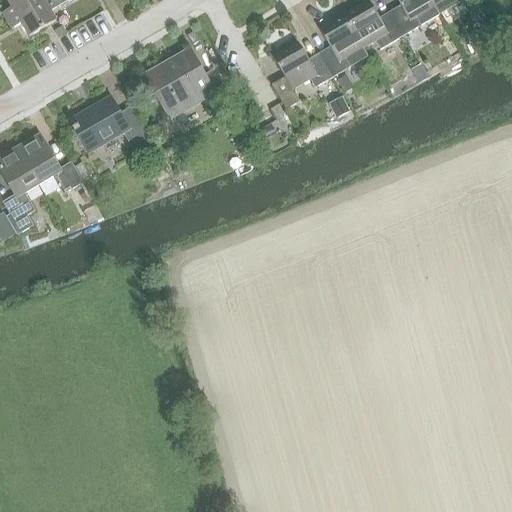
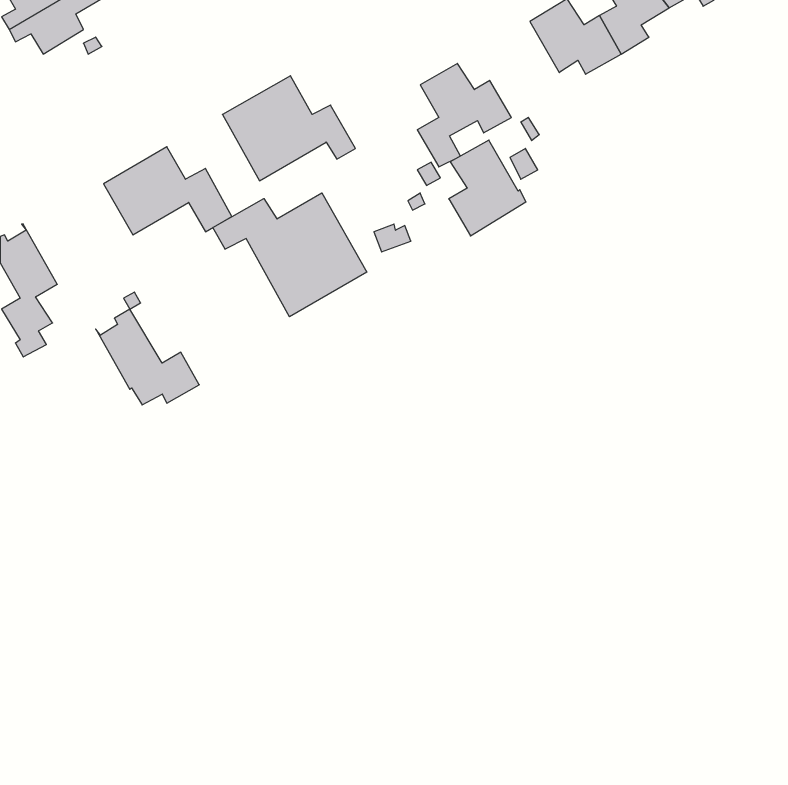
building: [318,14,368,76] -> [449,140,526,236]
building: none -> [213,193,367,317]
building: [16,132,83,194] -> [96,309,199,405]

